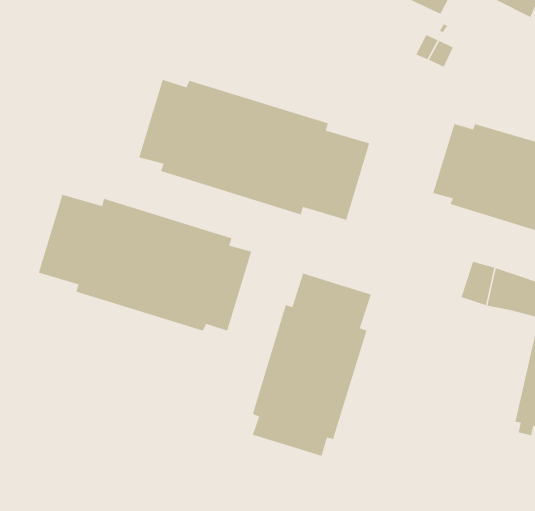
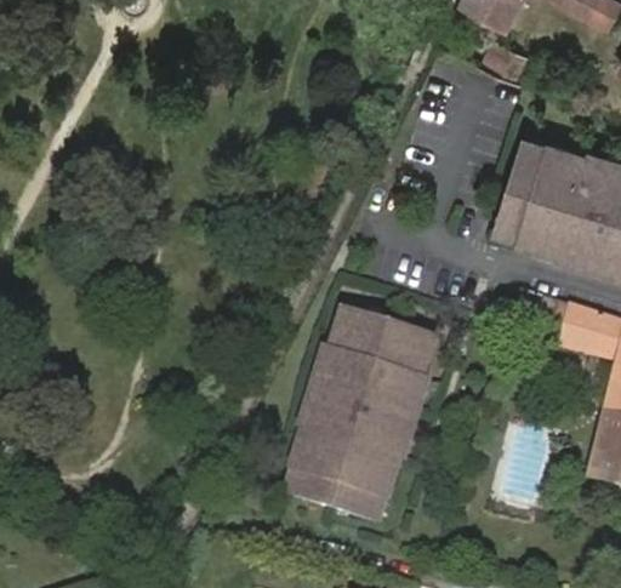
building: [138,79,370,221] -> none
building: [38,194,252,332] -> none

